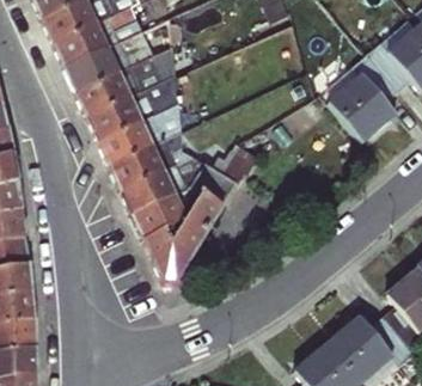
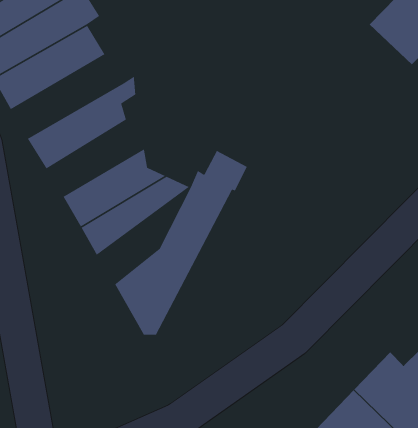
building: [73,45,175,116] -> none
building: [328,51,397,139] -> none
building: [97,102,177,165] -> none
building: [130,167,210,239] -> none

